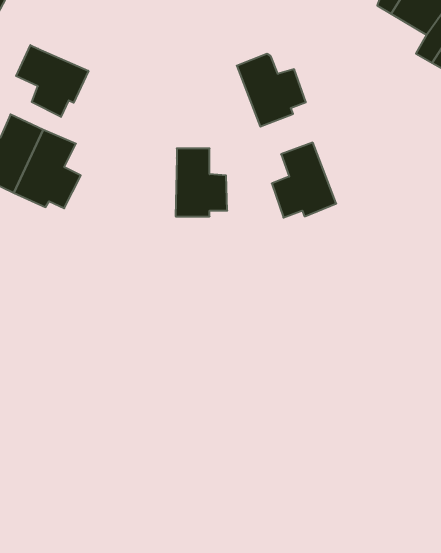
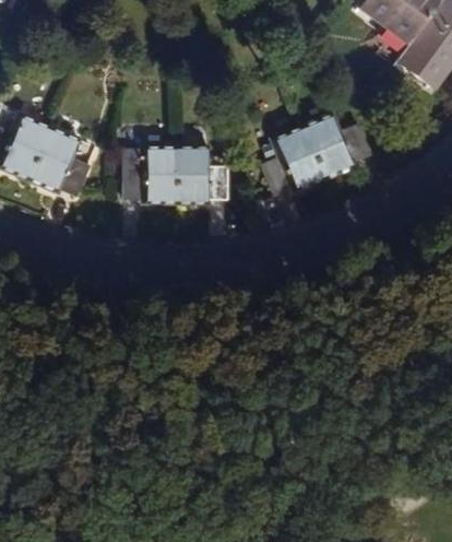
building: [16,45,88,117] -> none
building: [237,54,306,127] -> [301,122,366,190]
building: none -> [124,139,175,202]

